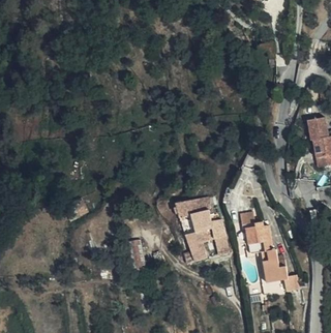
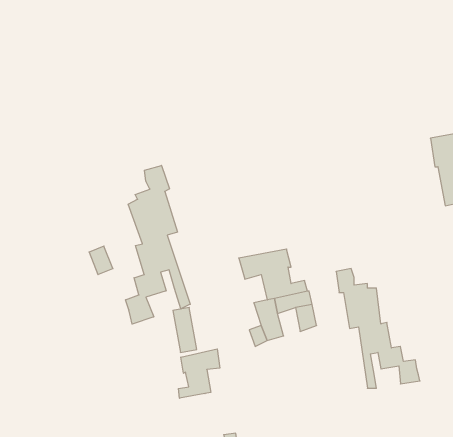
building: none -> [126,165,190,324]
building: none -> [178,349,220,398]

